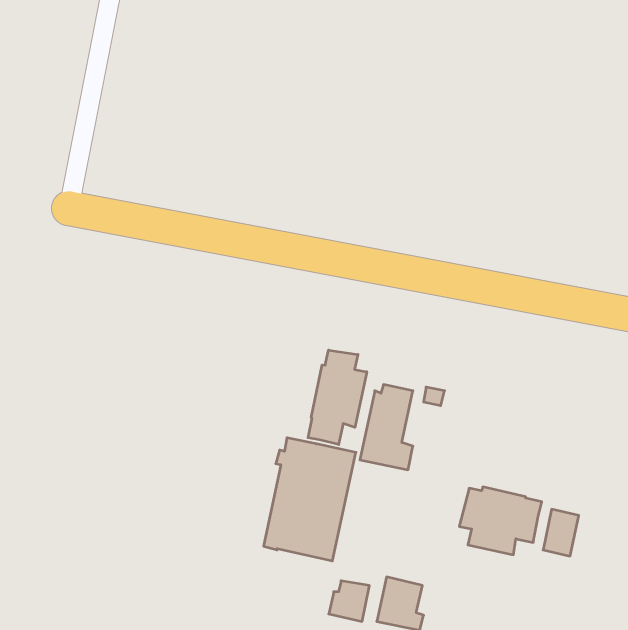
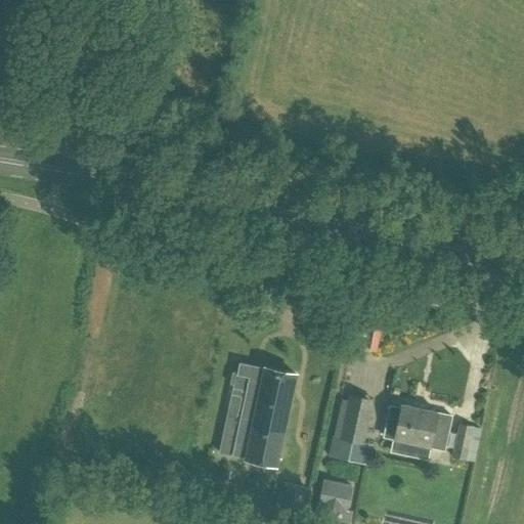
building: [308,350,367,445] -> none
building: [360,385,413,470] -> [330,394,374,465]

